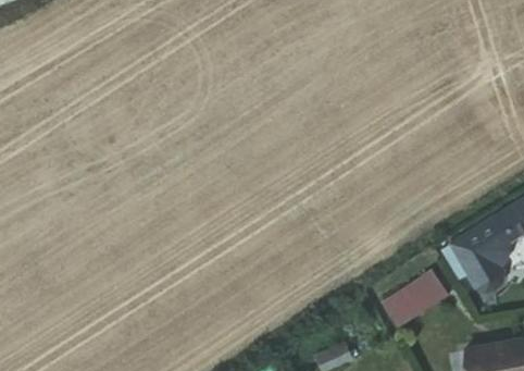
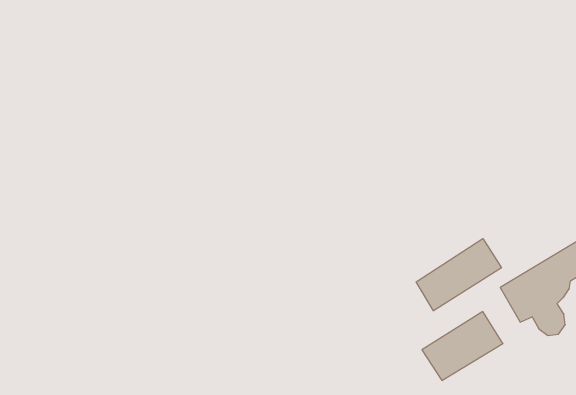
building: none -> [416,239,501,311]

